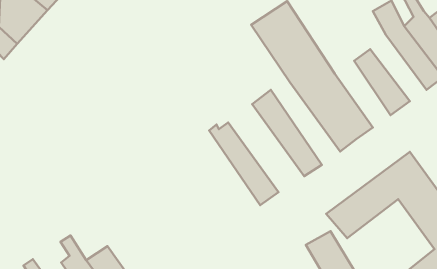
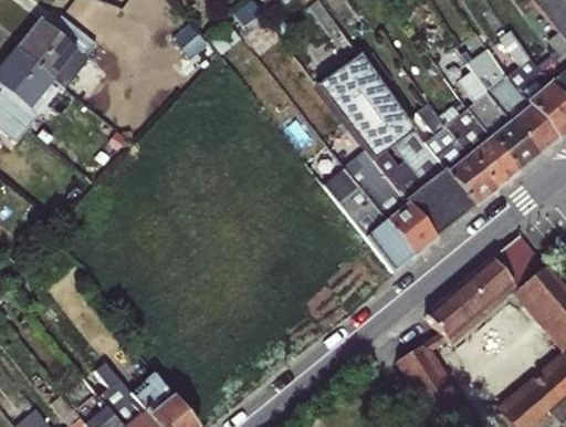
building: none -> [467,90,539,170]
building: none -> [418,100,496,206]
building: [209,123,279,205] -> [346,155,437,256]

